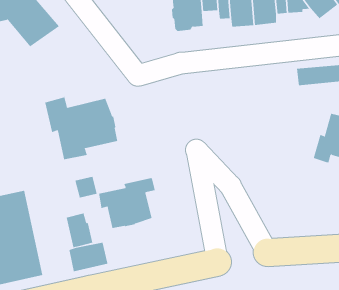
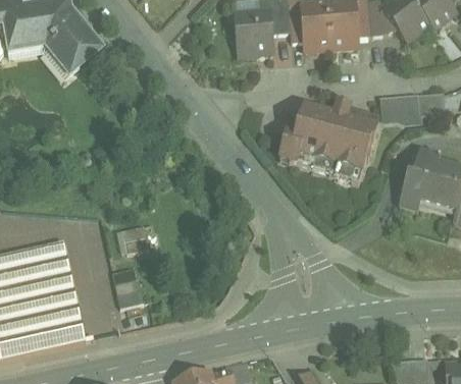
building: none -> [284,103,378,175]
building: [44,96,118,160] -> none
building: [99,177,156,229] -> none
building: [69,242,115,272] -> none

